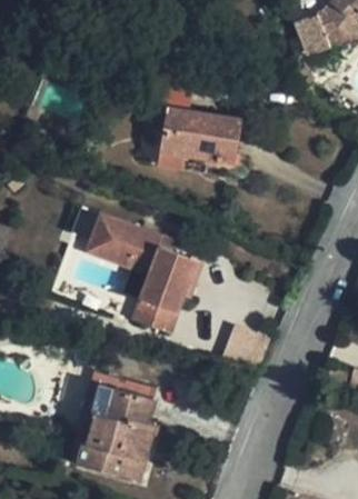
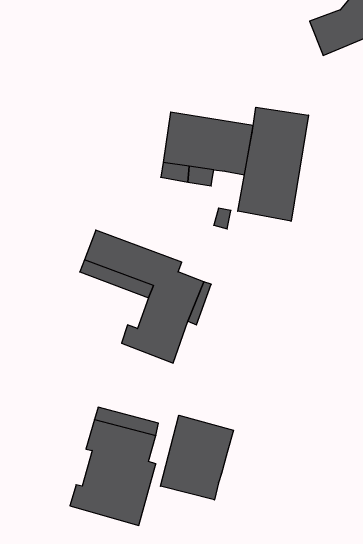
building: none -> [238,107,308,221]
building: none -> [160,415,234,500]

